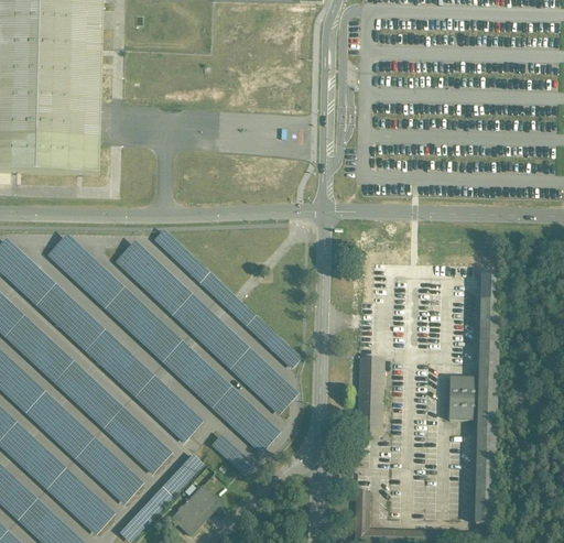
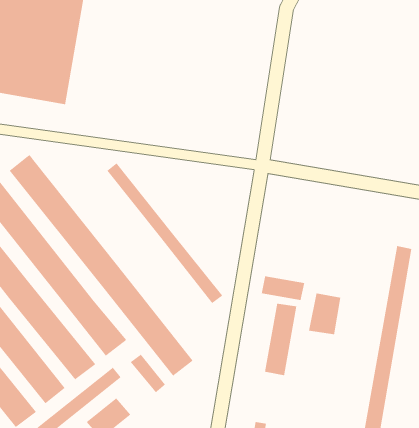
building: [113,239,296,414] -> none
building: none -> [261,275,305,301]
building: [447,376,478,419] -> [308,293,341,335]

